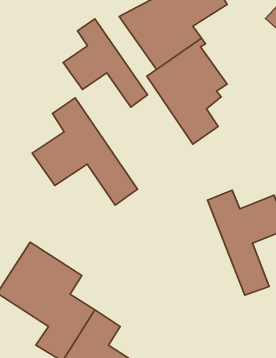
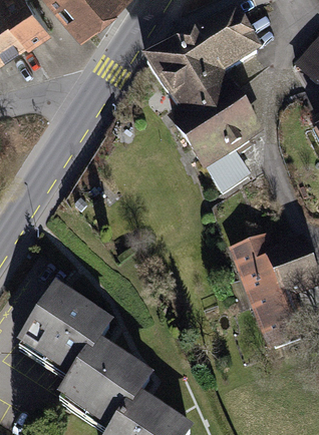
building: [63,19,148,107] -> none
building: [32,98,137,205] -> none

